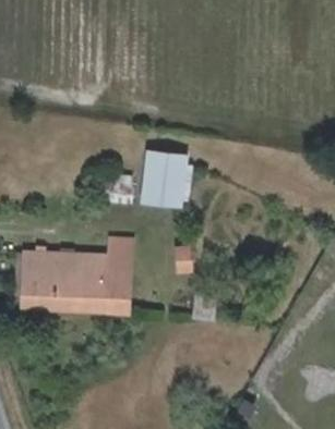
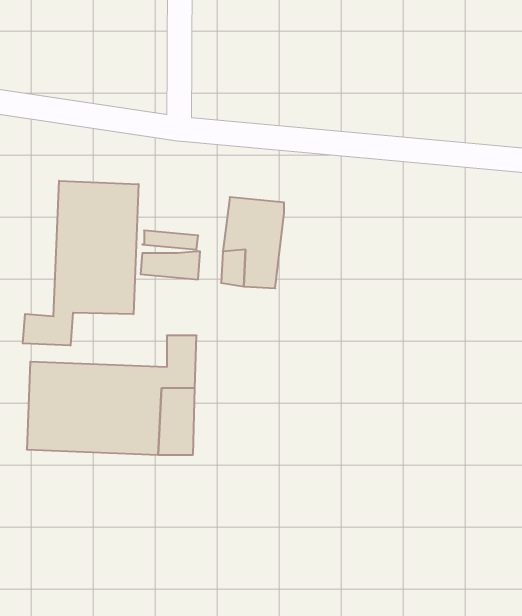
building: none -> [23,181,139,346]

